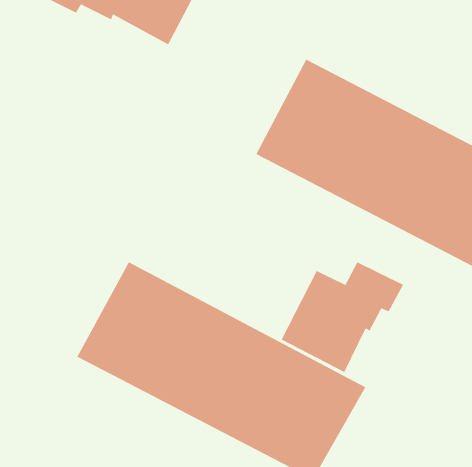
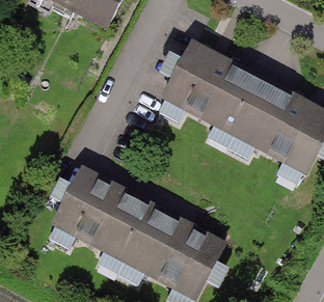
building: [281,261,404,373] -> none

